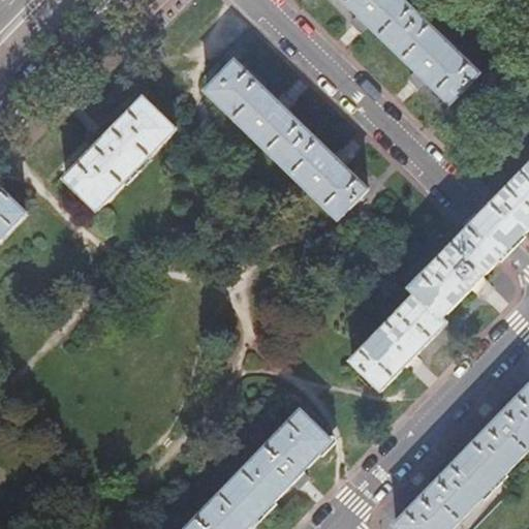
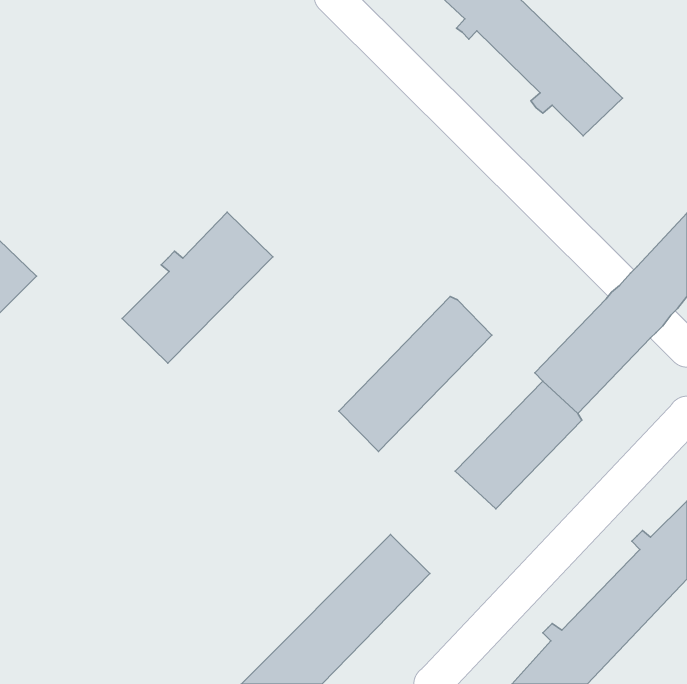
building: [206,60,368,220] -> none
building: [62,95,178,211] -> [122,212,273,363]
building: none -> [339,296,492,452]

